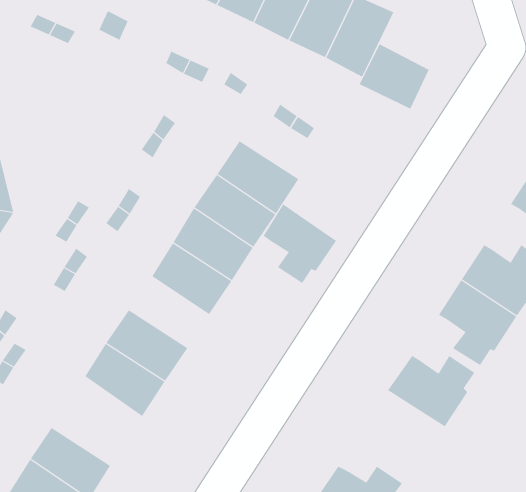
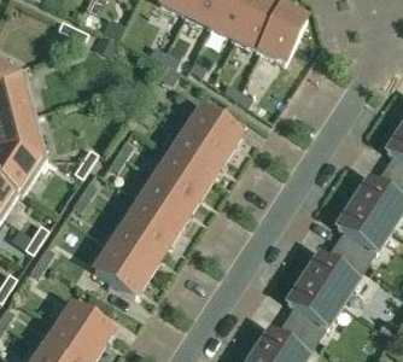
building: [359,43,430,109] -> none
building: [263,204,337,284] -> none
building: none -> [124,199,180,249]
building: none -> [286,278,341,337]

